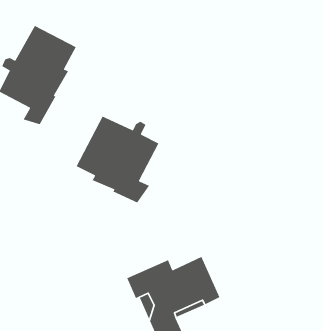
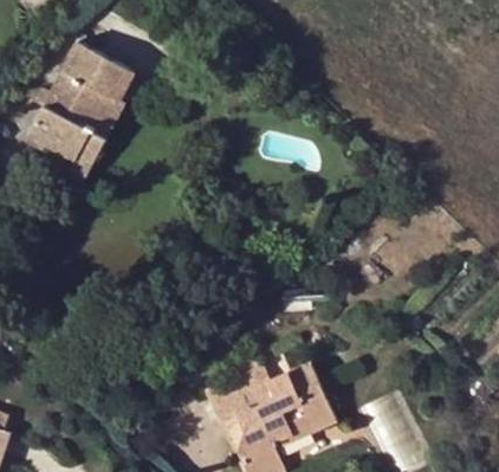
building: [75,115,160,204] -> none

